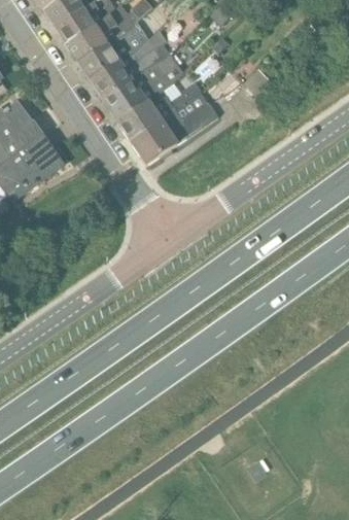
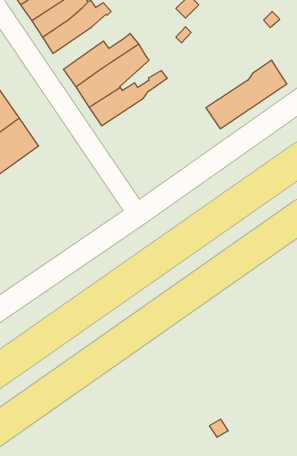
building: [78,22,149,81] -> none
building: [131,91,218,165] -> [206,60,287,129]

